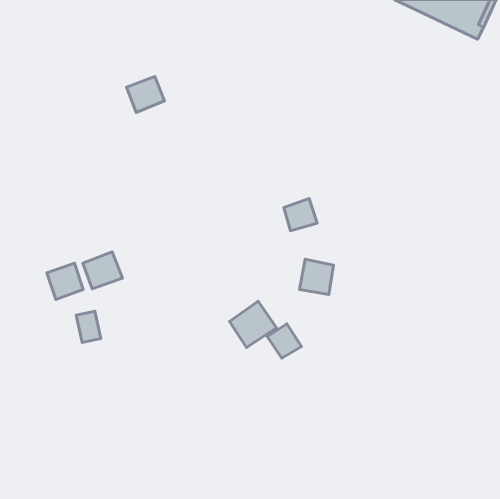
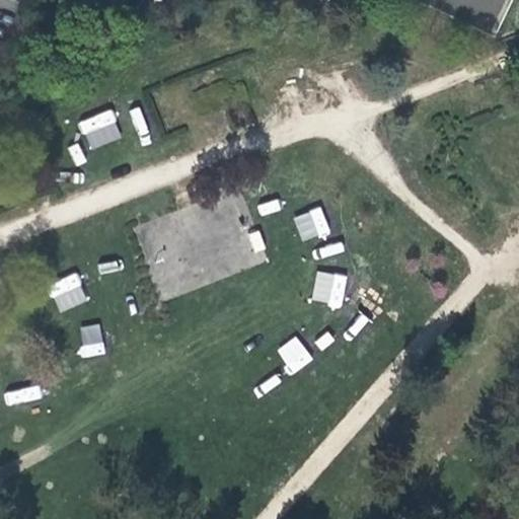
building: [126,76,165,113] -> [80,109,120,147]
building: [83,252,122,289] -> none
building: [229,301,277,347] -> none

